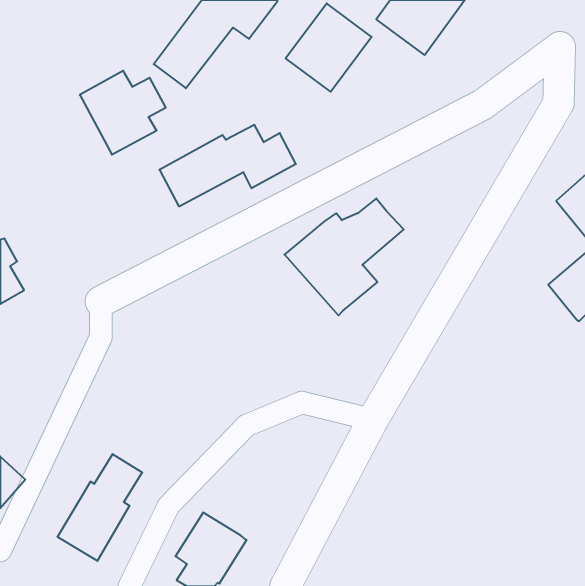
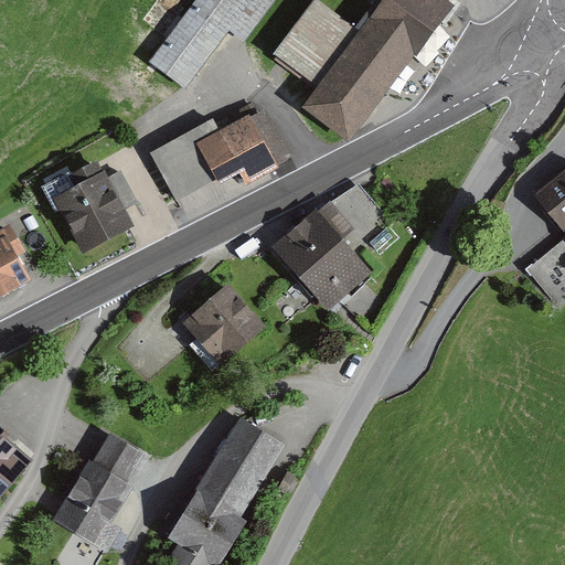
building: none -> [305,19,409,132]
building: [80,71,166,155] -> [51,166,134,246]
building: none -> [185,289,258,370]
building: none -> [196,425,276,515]

